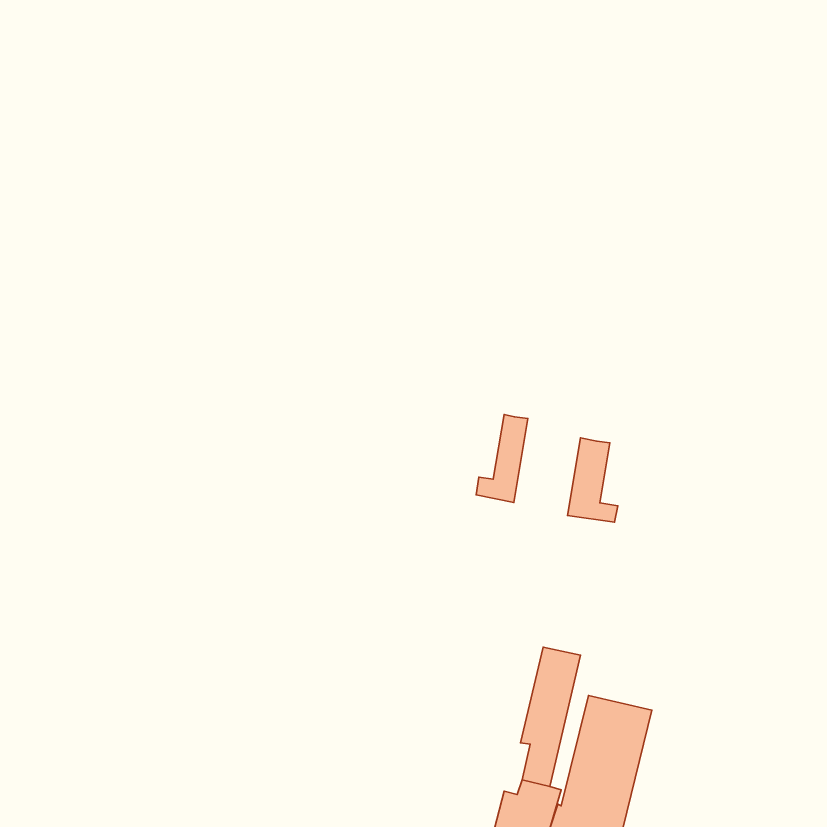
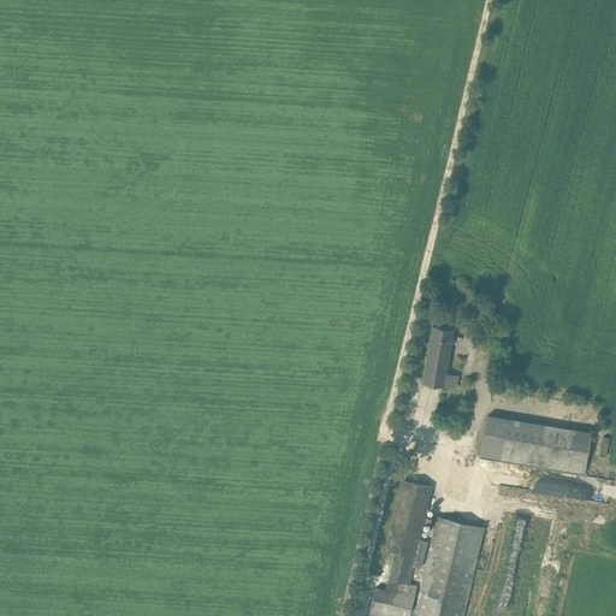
building: [476,414,528,502] -> none
building: none -> [479,416,591,474]

